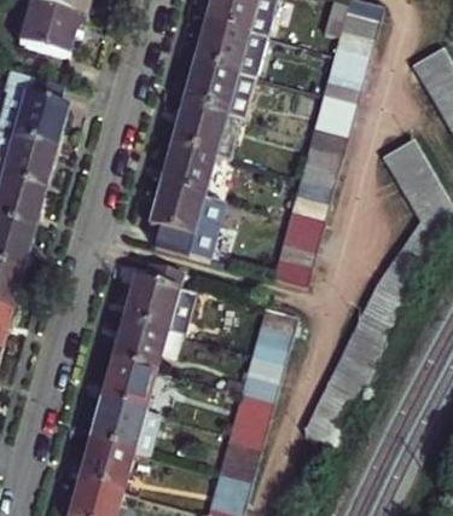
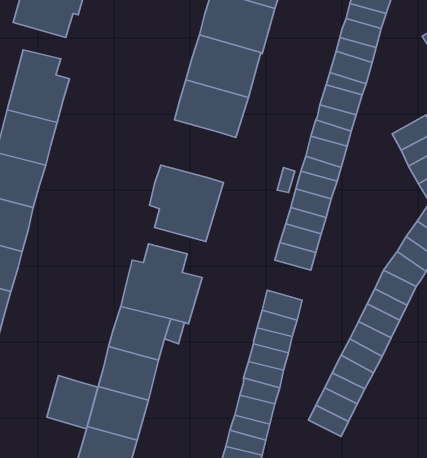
building: [159,141,216,197] -> none
building: none -> [47,375,98,429]

